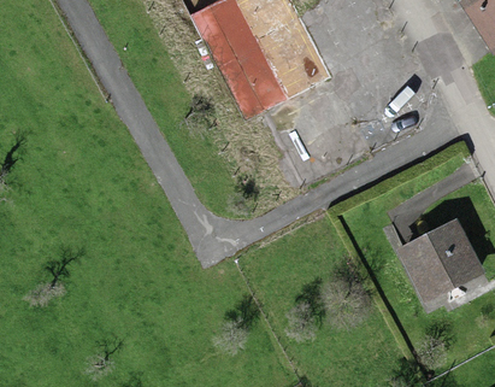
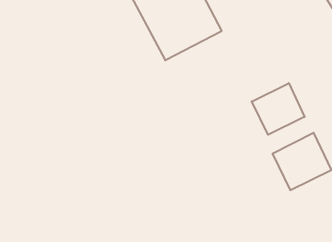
building: none -> [252,83,305,135]

